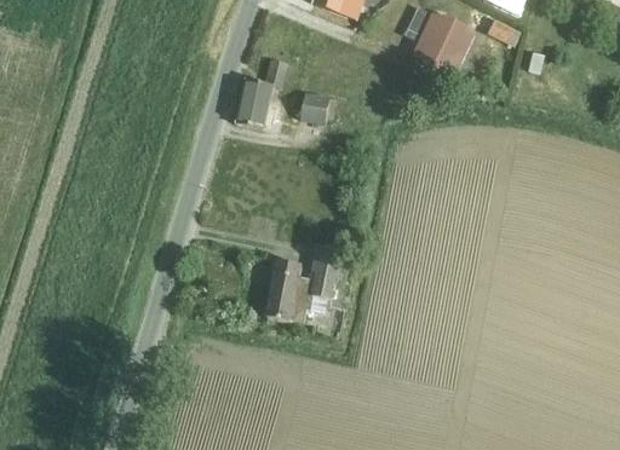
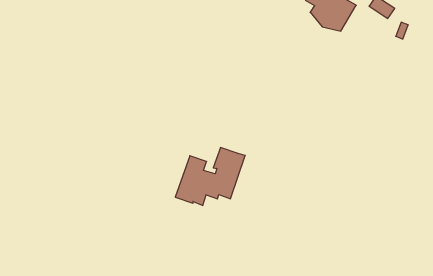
building: [235,60,287,127] -> none
building: [299,90,334,122] -> none

